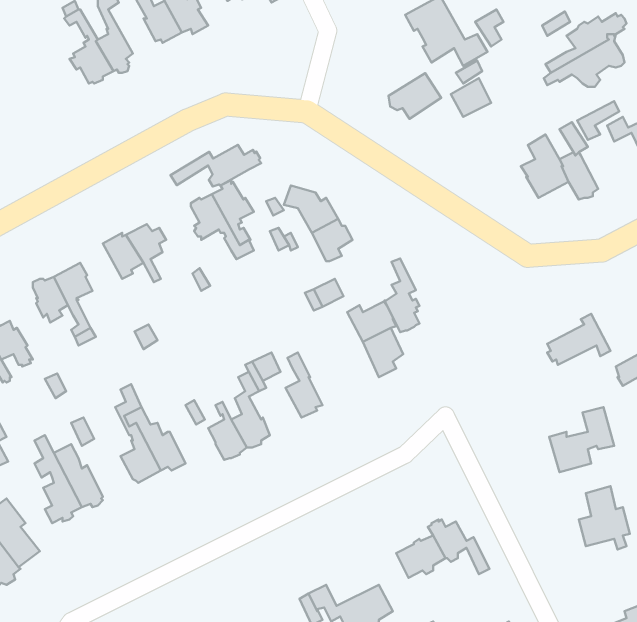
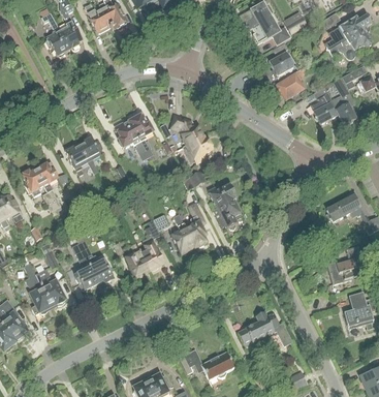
building: [388,73,441,119] -> [273,72,304,99]
building: [170,145,261,186] -> none
building: [384,258,419,332] -> [185,204,206,247]

